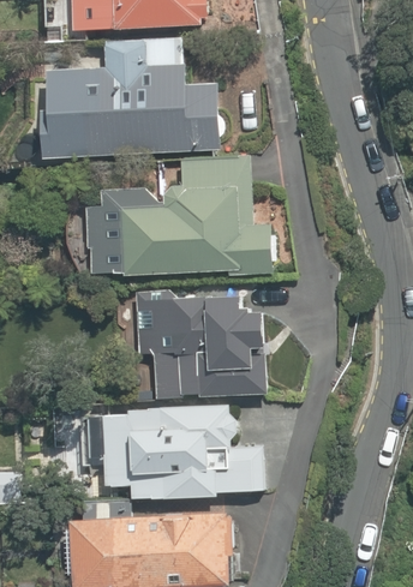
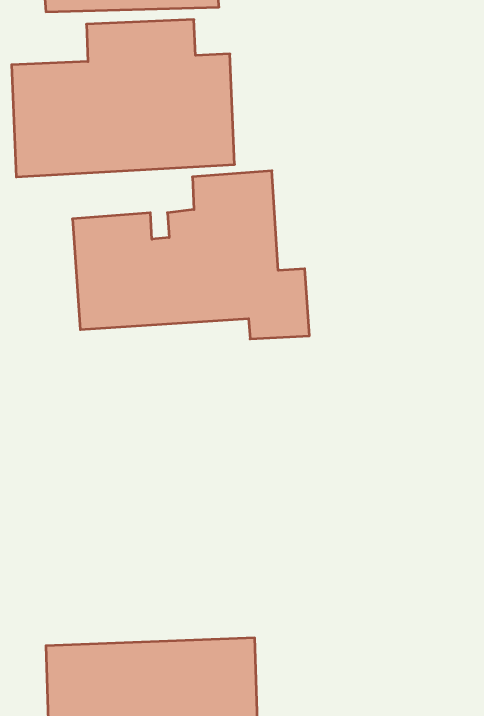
building: [133,289,269,399] -> none
building: [101,411,258,501] -> none

